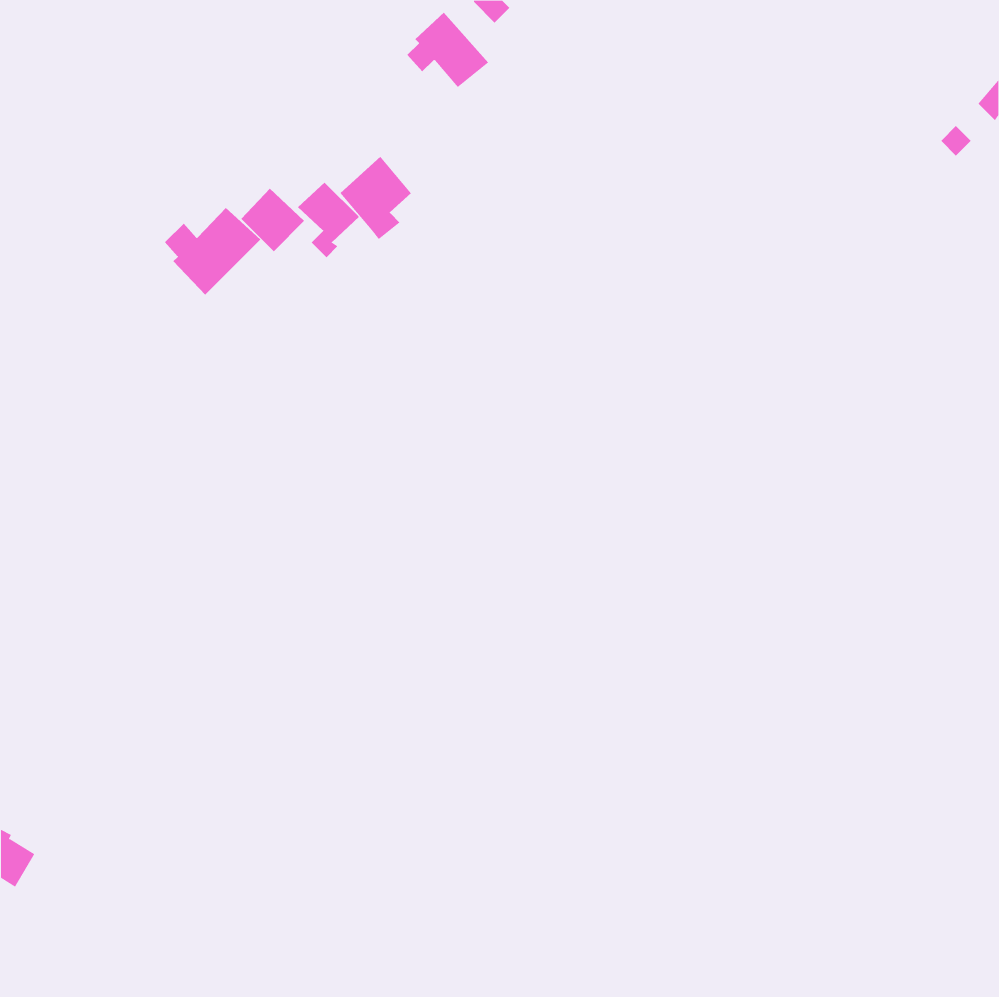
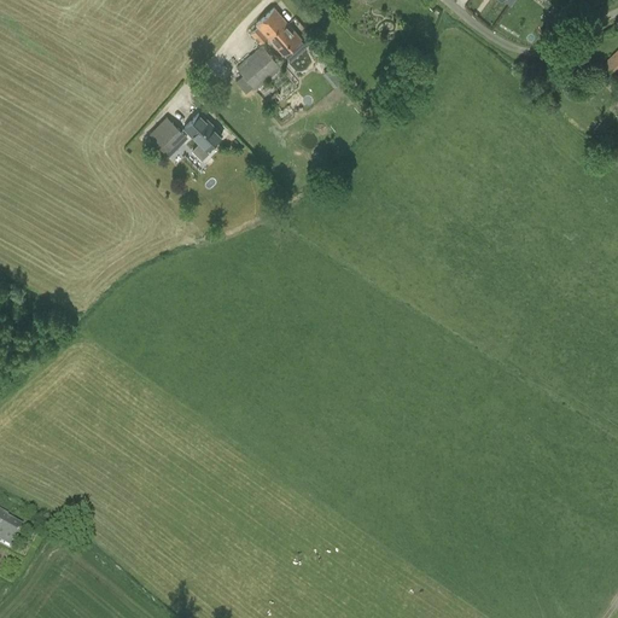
building: [340,156,412,240] -> [237,46,281,98]
building: [164,207,261,296] -> none

